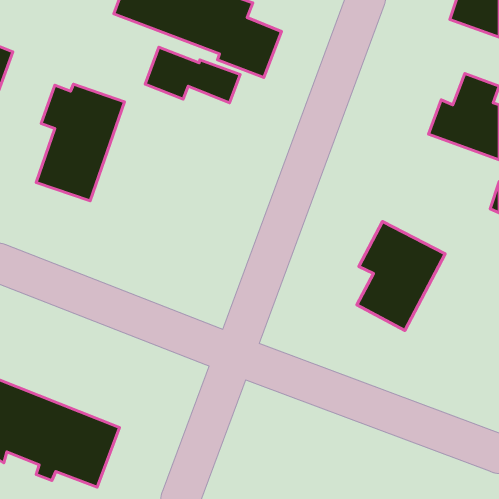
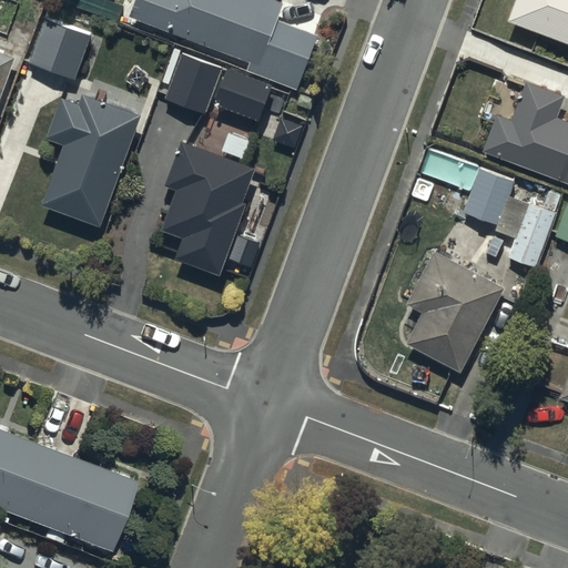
building: none -> [29,18,93,78]
building: none -> [163,142,254,277]
building: none -> [463,168,556,265]

